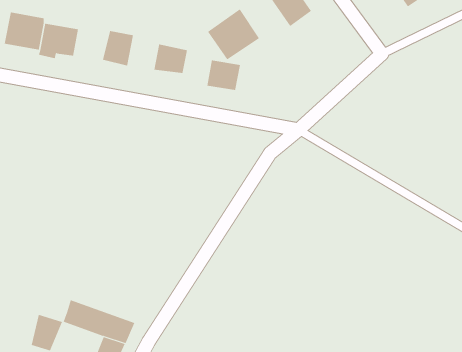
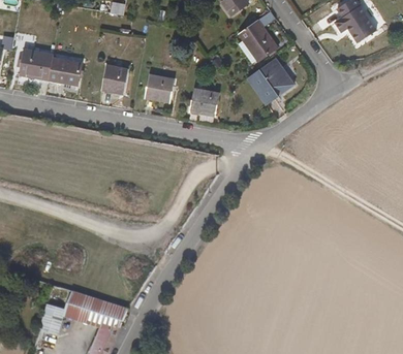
building: [207,9,260,60] -> [248,59,292,102]

